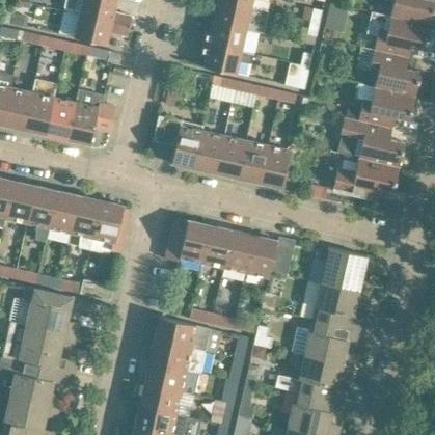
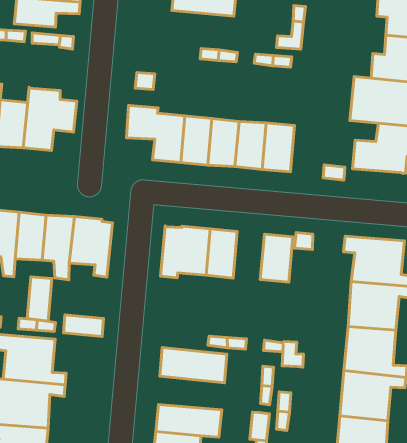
building: [200,43,252,76] -> none
building: [223,229,253,271] -> none
building: none -> [27,277,52,321]
building: [148,338,205,373] -> none

